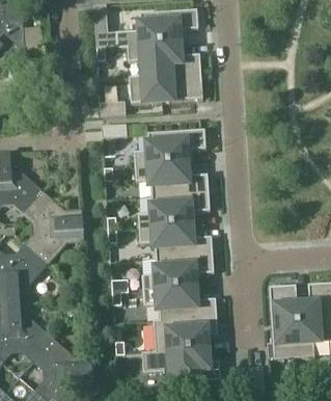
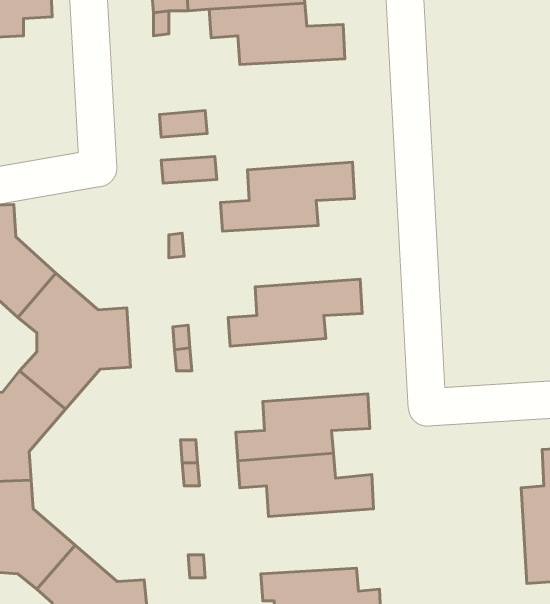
building: [128,72,201,102] -> none
building: [133,162,208,195] -> none
building: [137,223,212,258] -> none
building: [268,285,298,358] -> none
building: [153,316,217,351] -> none

